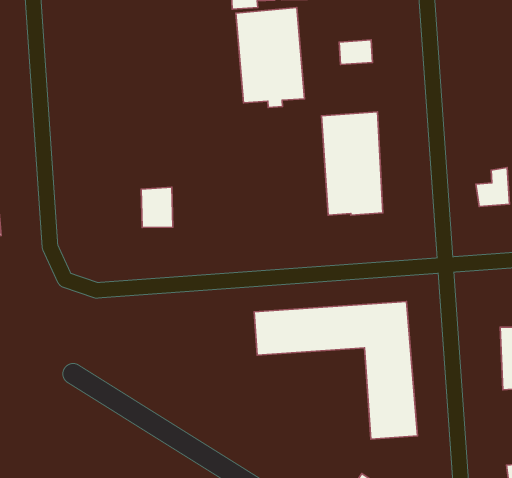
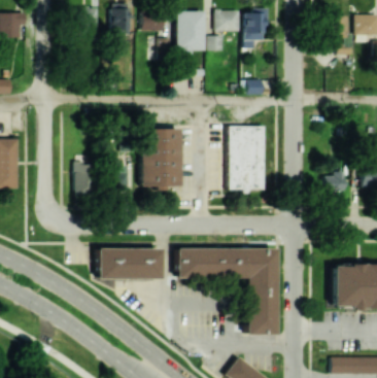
building: [236,7,305,108] -> [141,128,181,191]
building: none -> [75,156,93,195]
building: none -> [97,248,161,279]

